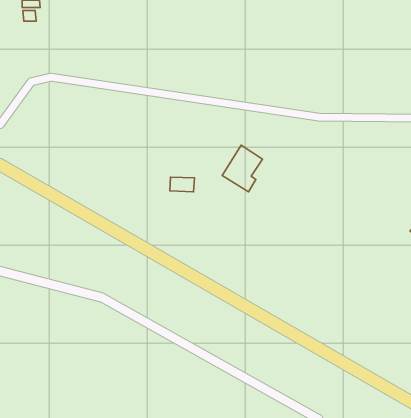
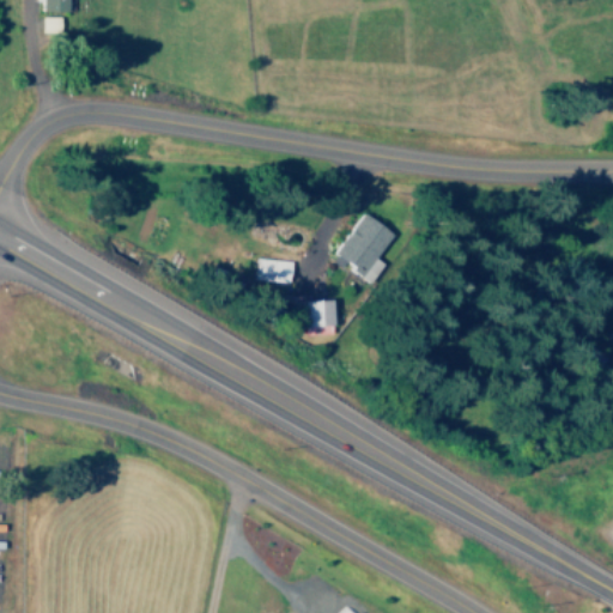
building: none -> [309,301,335,335]

